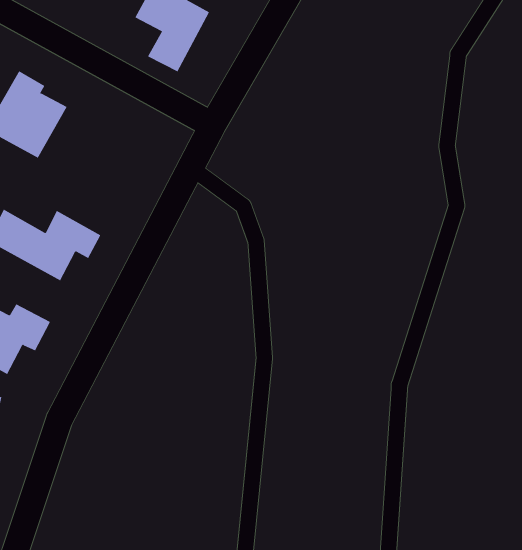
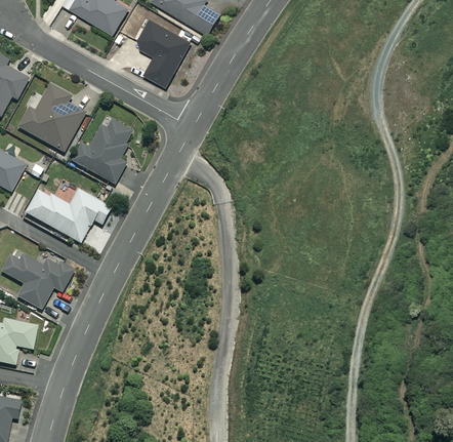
building: none -> [70,119,132,185]

